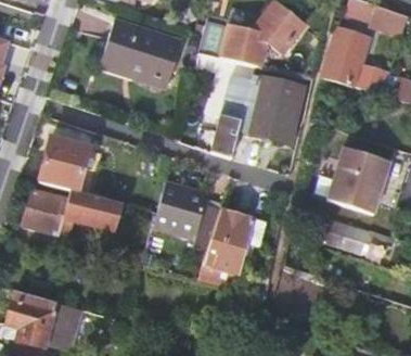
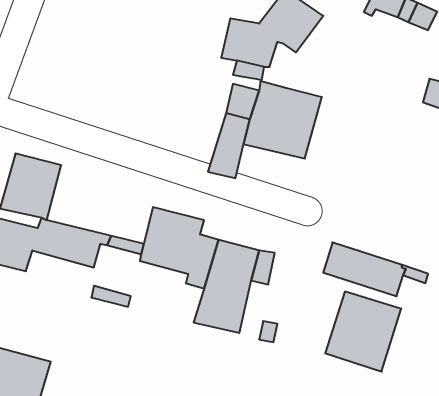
building: [100,18,180,88] -> none
building: [319,29,388,94] -> none
building: [325,147,388,213] -> [325,292,401,372]

